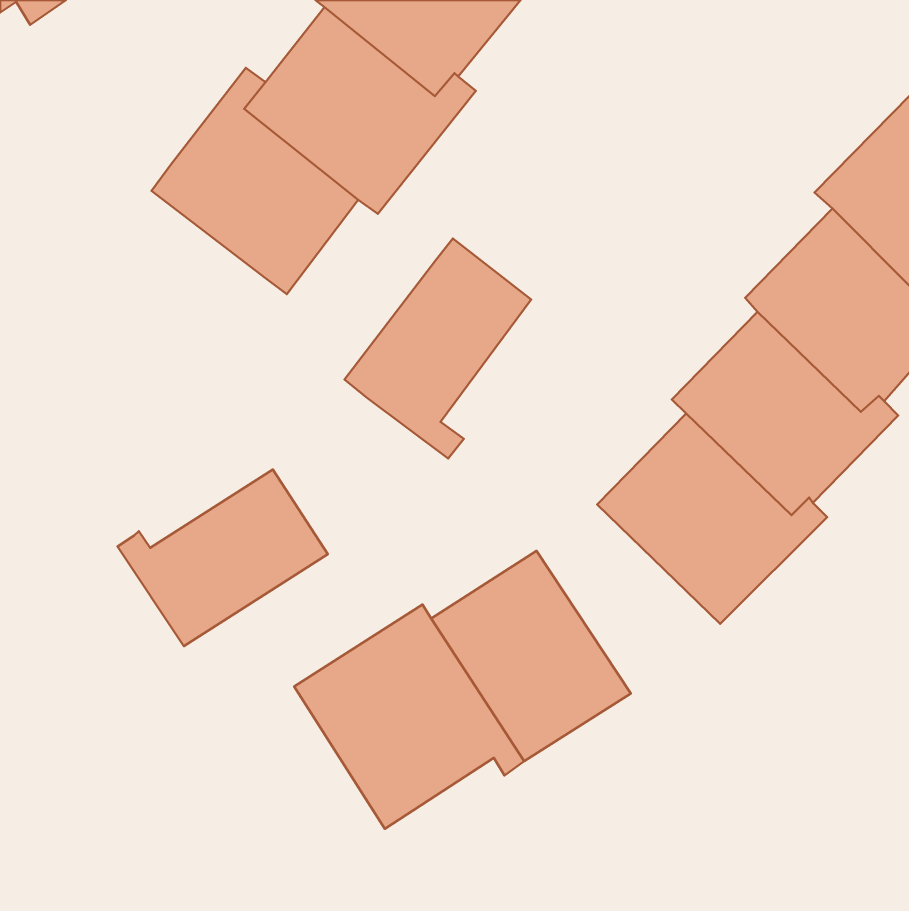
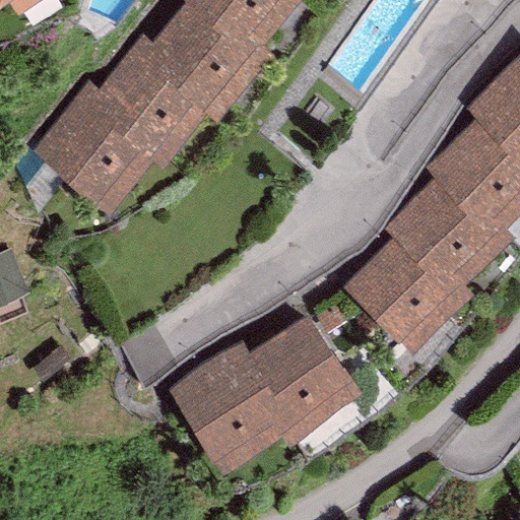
building: none -> [34,84,152,212]
building: [344,238,531,459] -> none
building: [117,470,328,646] -> none

